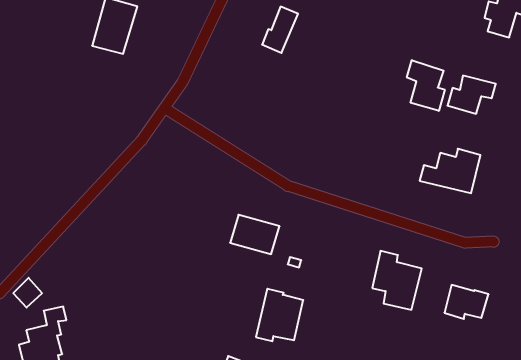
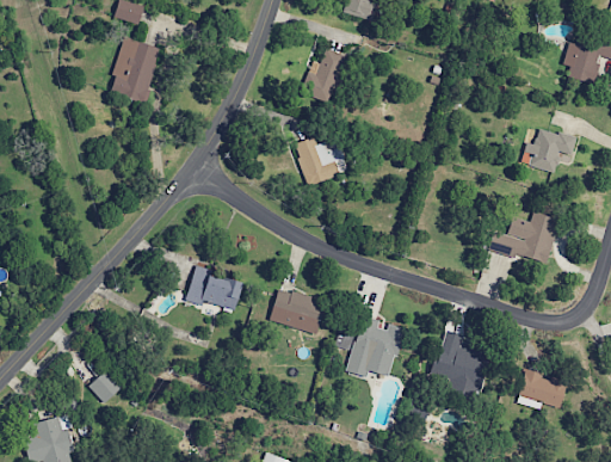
building: [407,60,445,111] -> none
building: none -> [294,136,348,186]
building: none -> [185,265,242,310]
building: [13,278,42,308] -> [88,369,122,404]
building: [256,289,303,341] -> [347,316,402,377]

